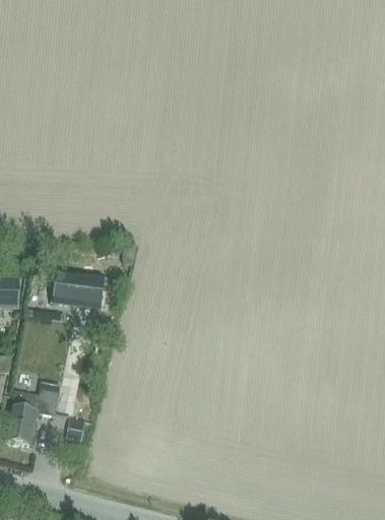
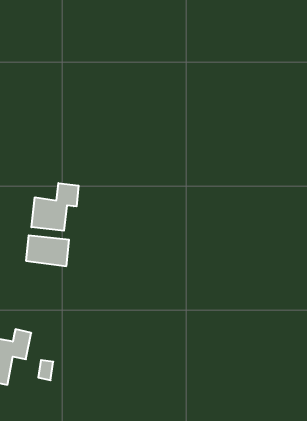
building: none -> [31,183,79,231]

